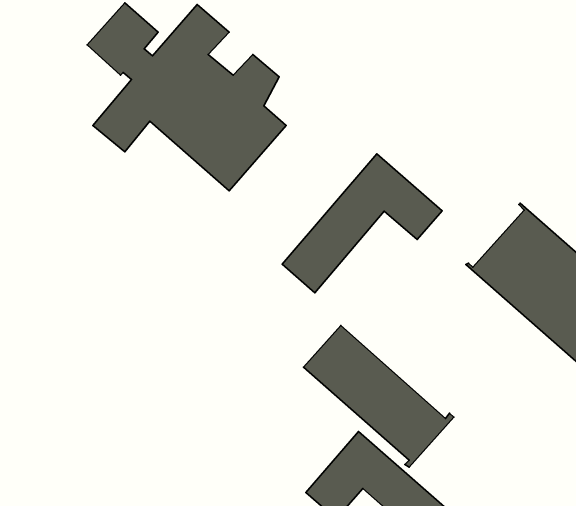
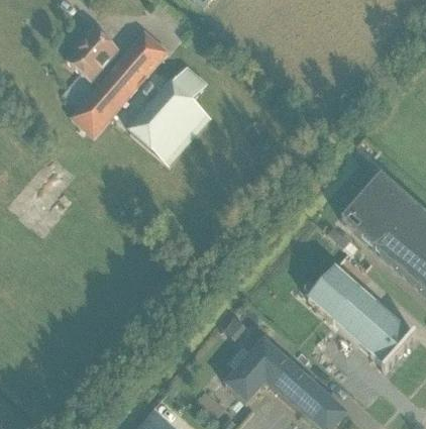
building: [282,154,442,293] -> none
building: [303,325,454,467] -> [306,264,415,367]

